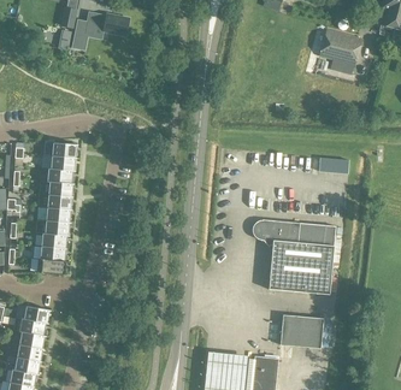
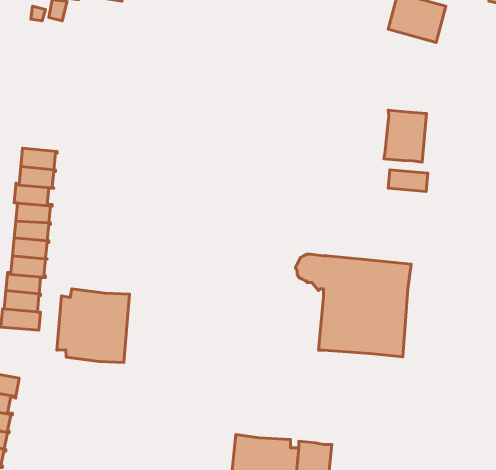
building: none -> [384,110,426,162]
building: none -> [57,289,129,362]
building: [279,313,322,347] -> none

